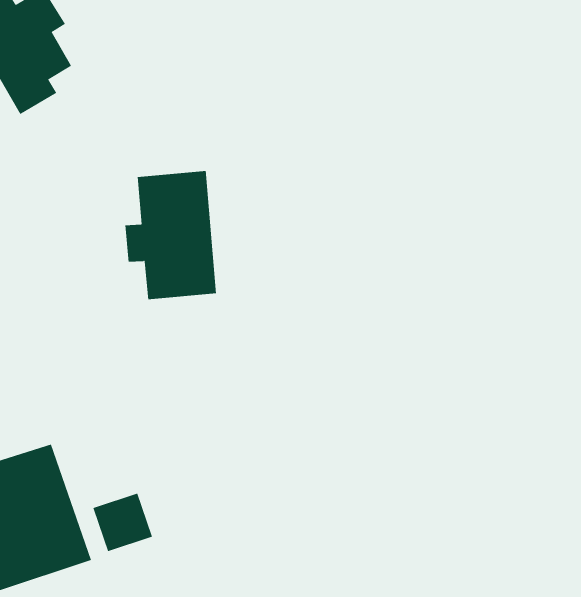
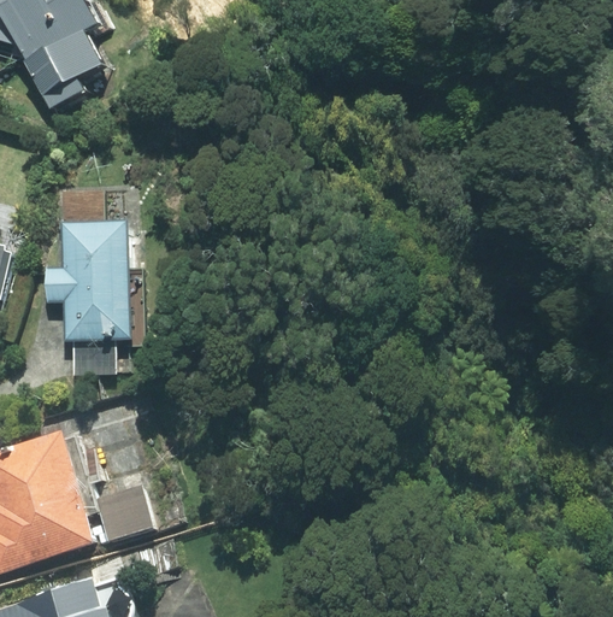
building: [125,171,217,300] -> [46,218,131,340]

